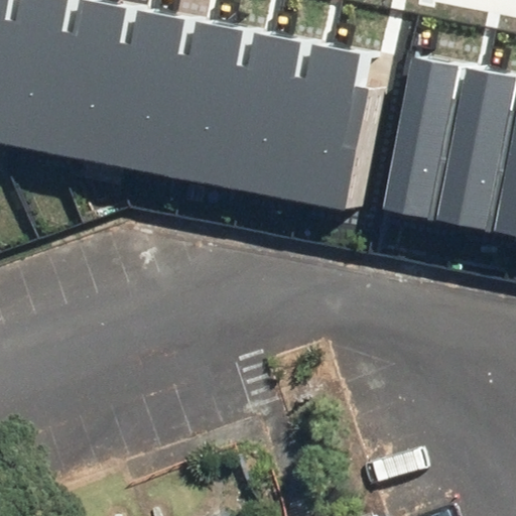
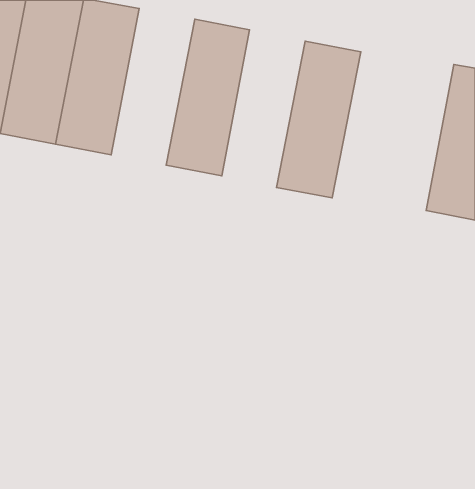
building: [117,11,205,175] -> none
building: [233,33,320,199] -> none
building: [390,58,477,223] -> none

